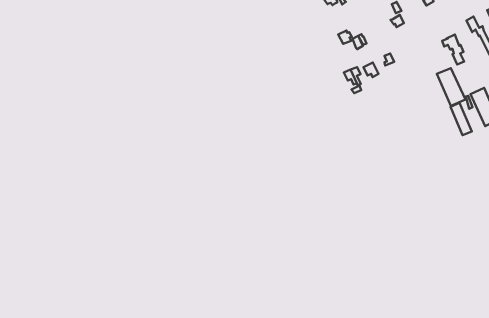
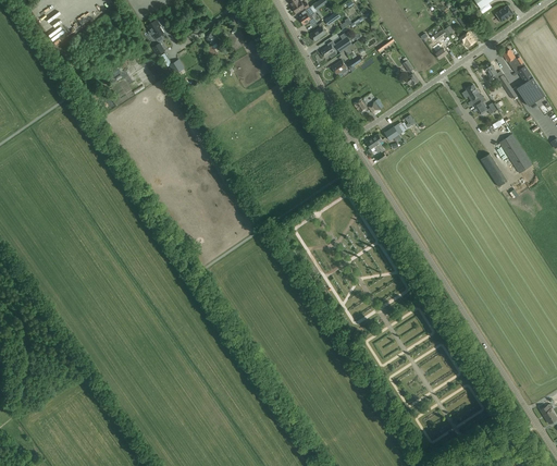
building: [437,68,465,106] -> none

